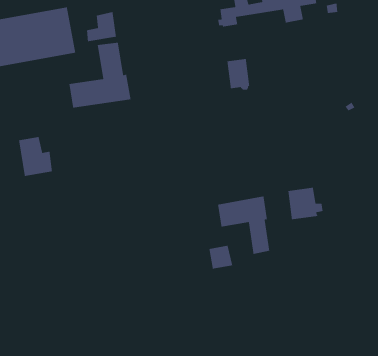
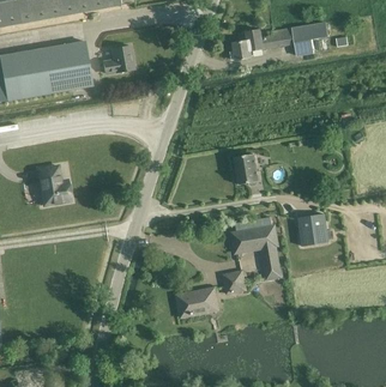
building: [68,42,131,108] -> none
building: [227,58,250,90] -> [234,155,257,186]
building: none -> [175,289,216,314]

